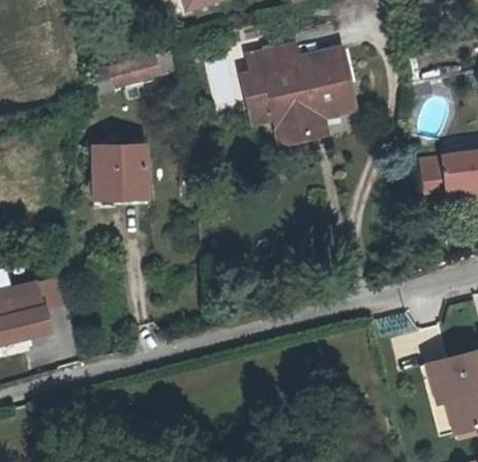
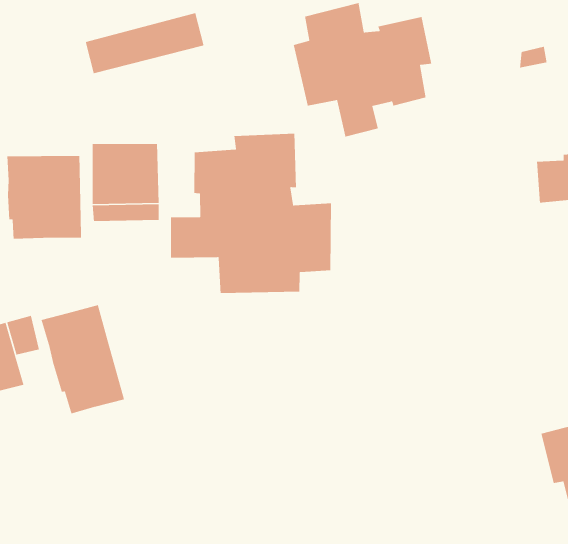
building: none -> [170,133,332,294]
building: none -> [6,155,82,240]
building: none -> [41,304,125,414]

